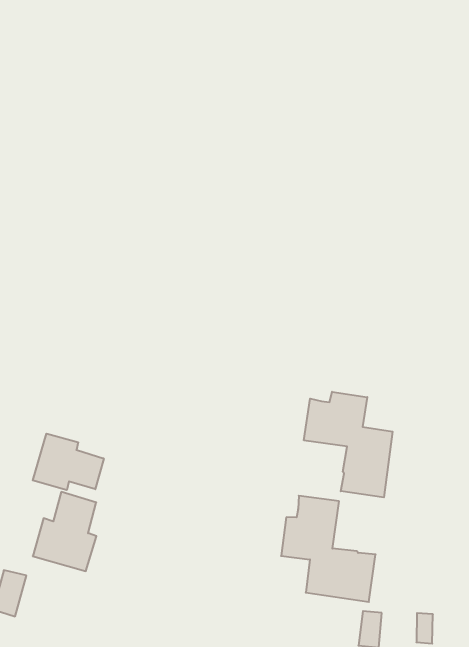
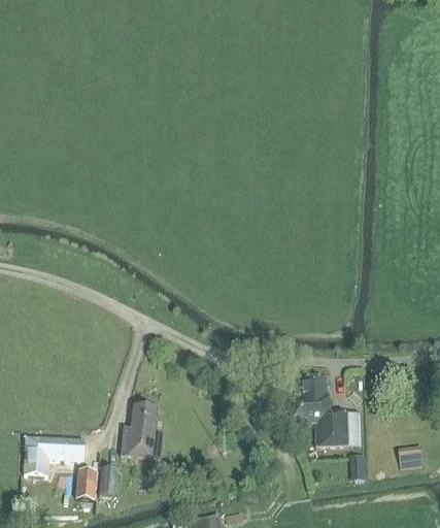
building: [304,392,393,497] -> none
building: [33,434,104,490] -> none

